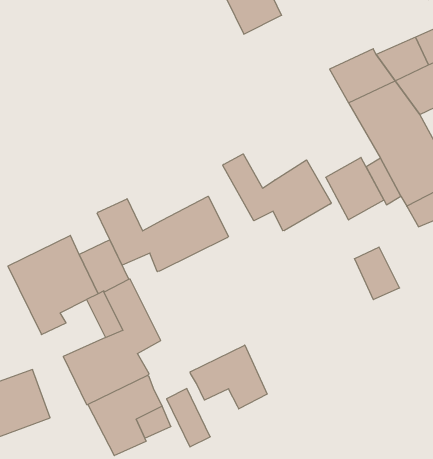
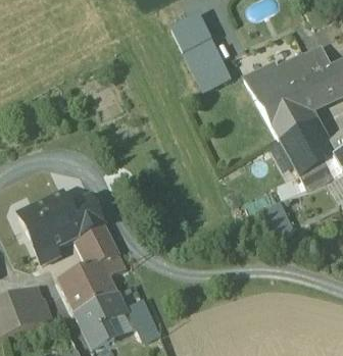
building: none -> [184,39,231,93]
building: [223,154,331,231] -> none
building: [326,157,384,220] -> none
building: [97,196,228,272] -> none
building: [190,345,267,409] -> none

